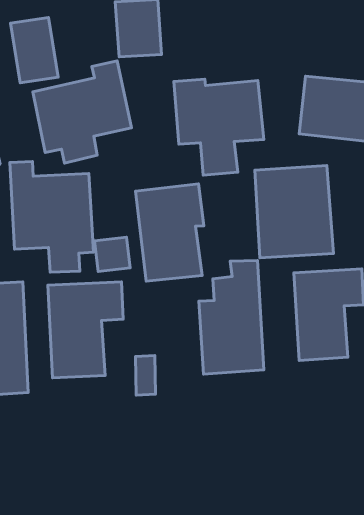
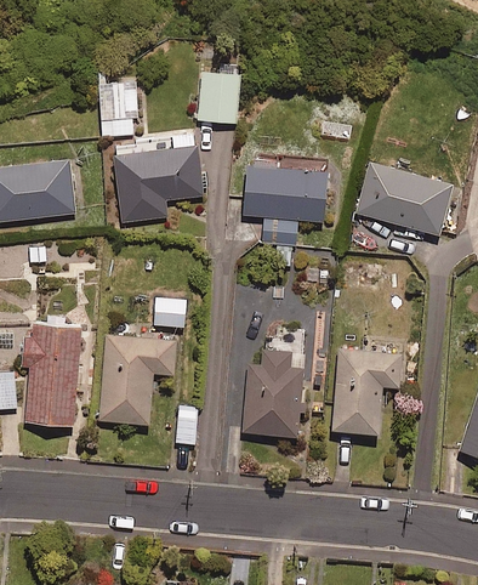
building: [10,161,94,272] -> none
building: [255,166,333,258] -> none
building: [136,184,204,281] -> none

